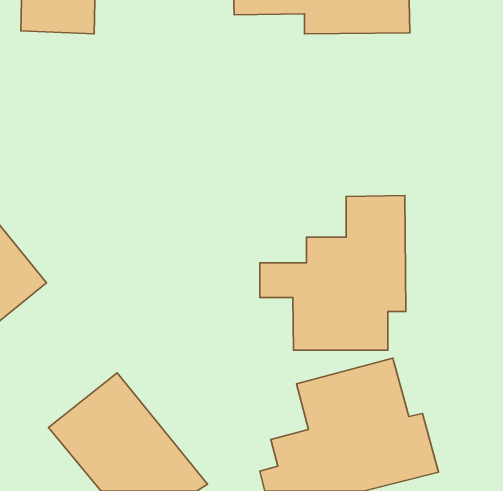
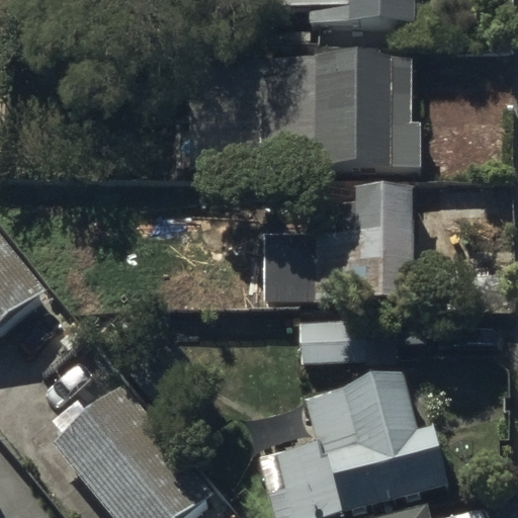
building: none -> [261,56,424,175]

